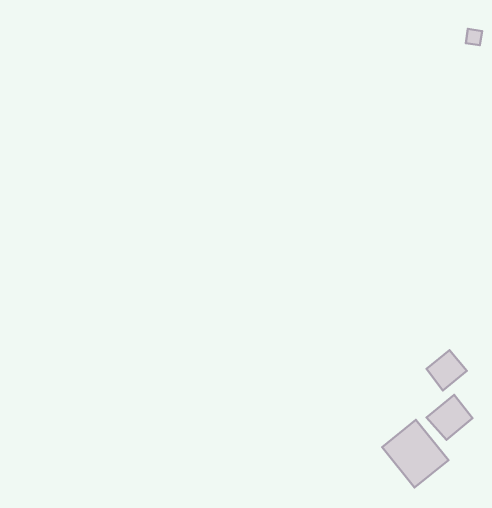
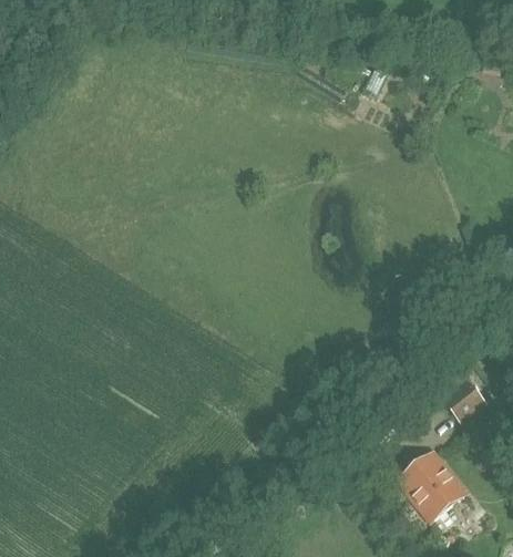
building: [427,395,473,440] -> none

